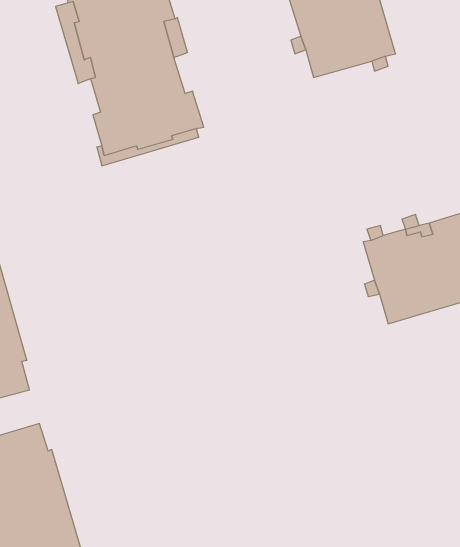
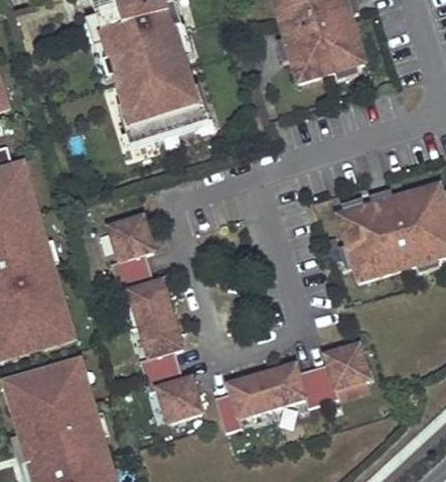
building: none -> [108,215,201,421]
building: none -> [213,344,369,431]

